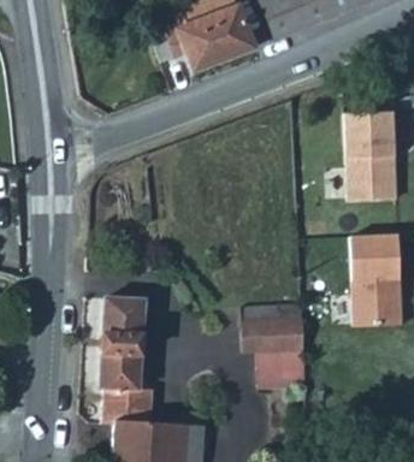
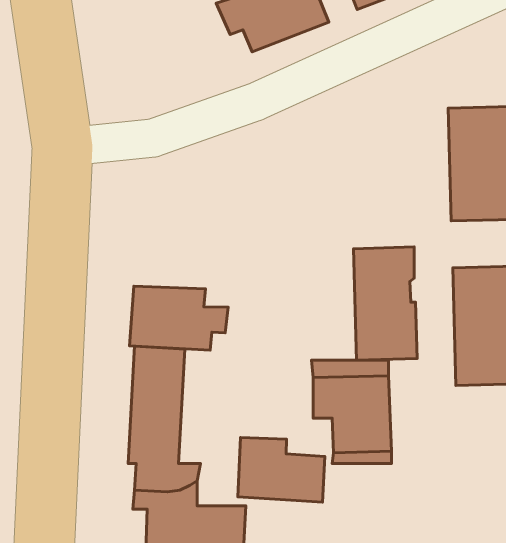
building: none -> [354,247,417,360]
building: none -> [129,286,228,350]
building: none -> [238,438,325,502]

